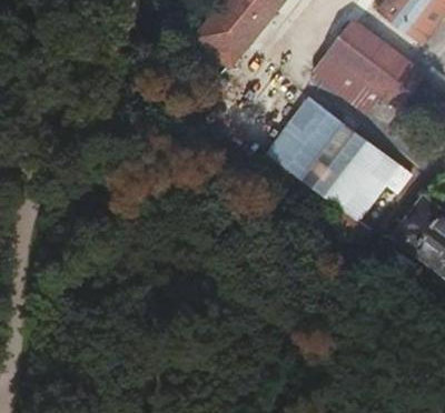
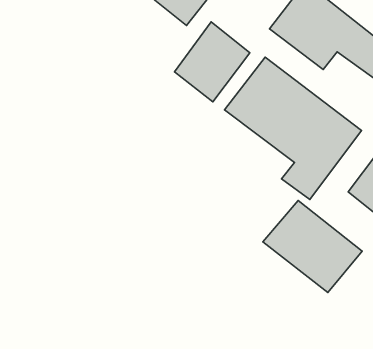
building: none -> [174,22,250,102]
building: none -> [263,200,362,293]

